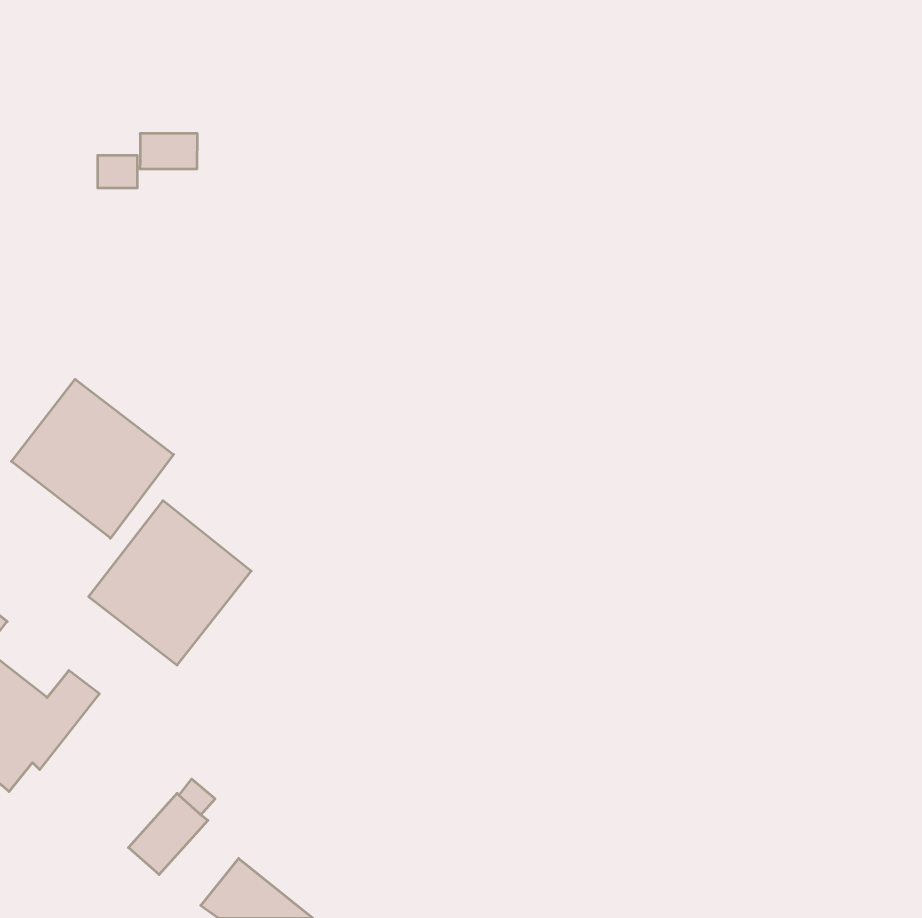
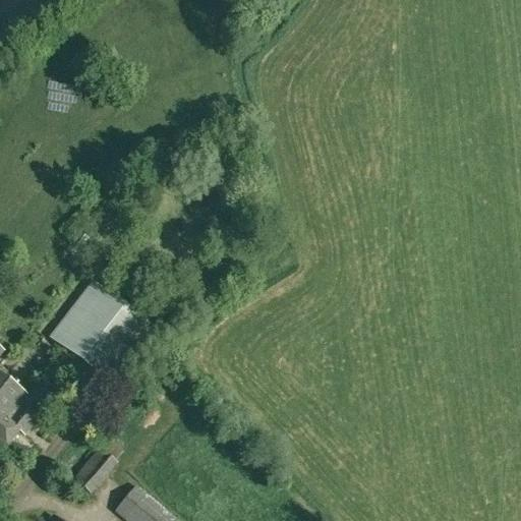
building: [140,133,197,169] -> none
building: [11,379,174,538] -> none

